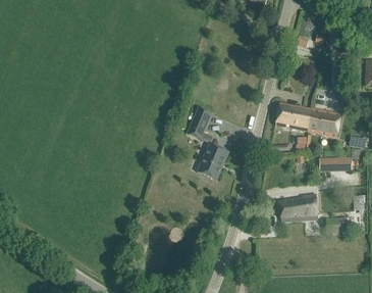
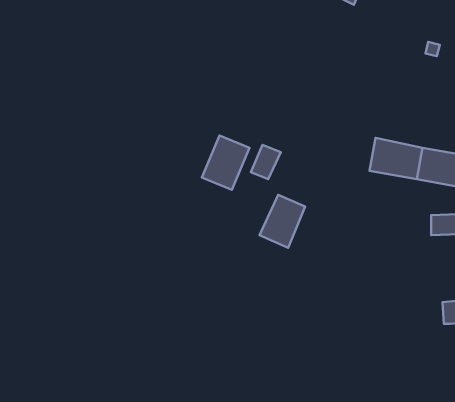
building: none -> [202,135,249,190]
building: [278,193,317,221] -> none

